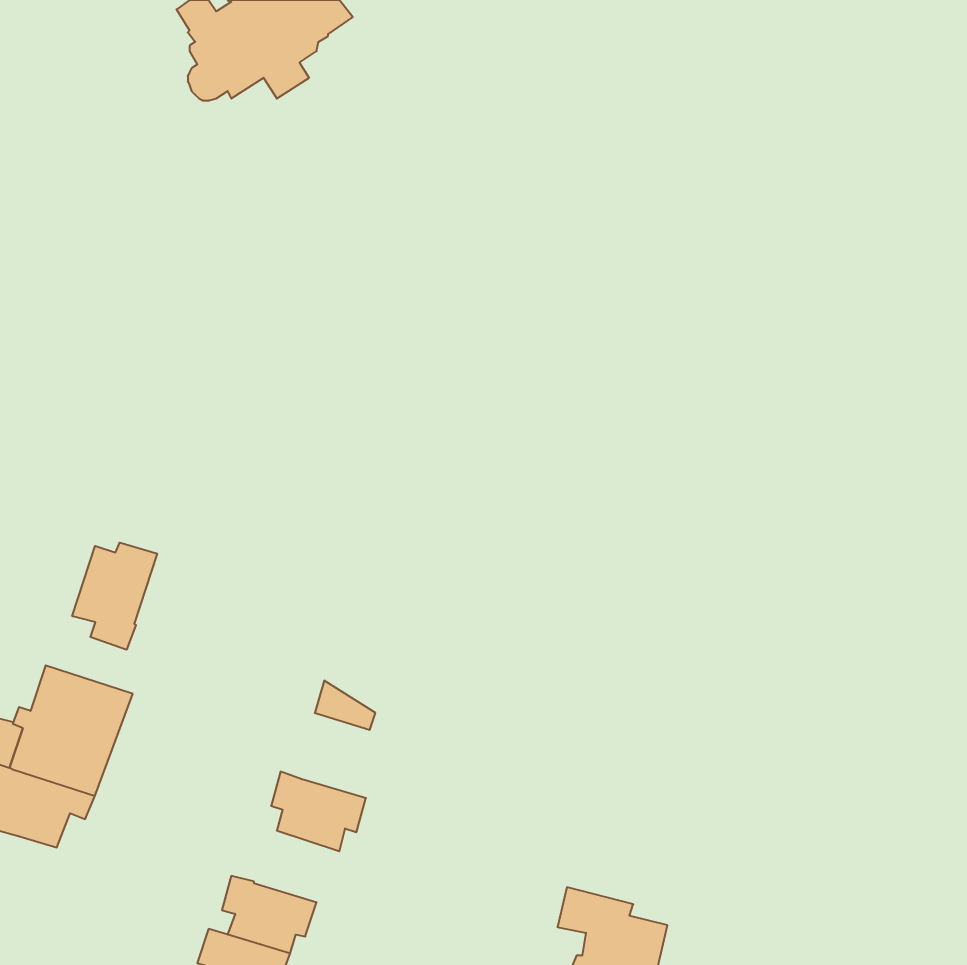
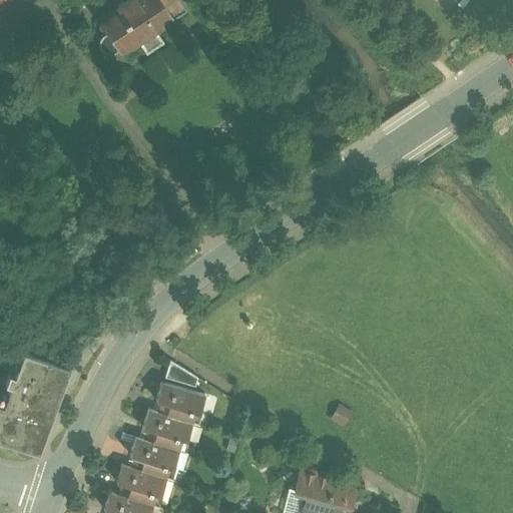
building: [72,543,157,650] -> none
building: none -> [156,383,205,424]
building: none -> [130,438,179,479]

